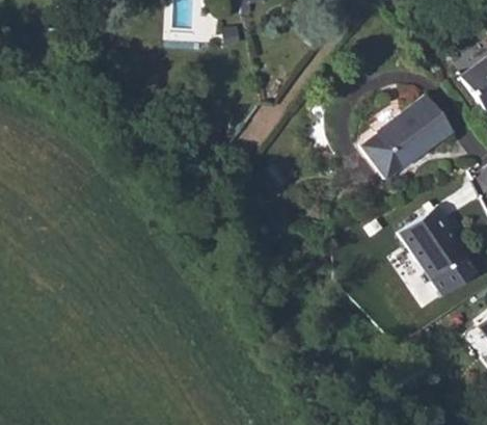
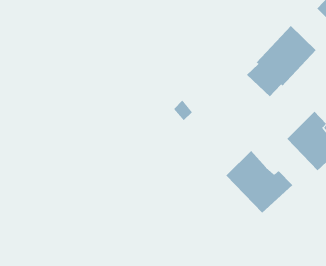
building: none -> [225,150,293,214]

